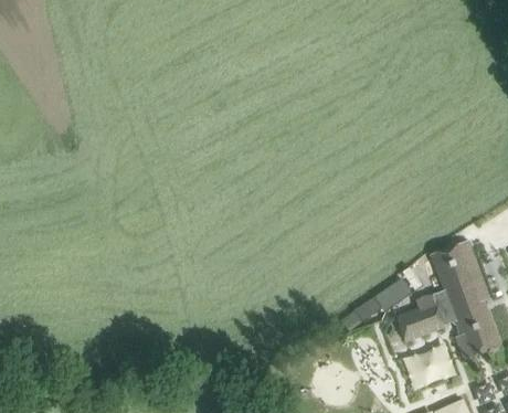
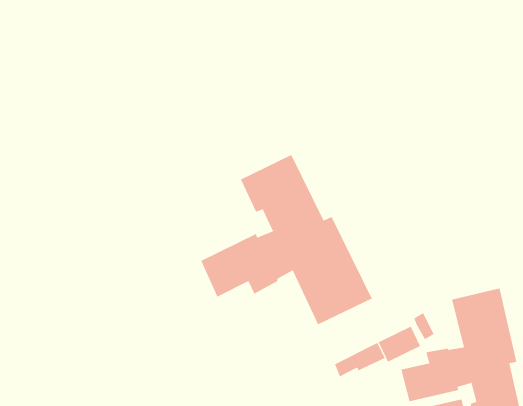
building: none -> [200,154,373,325]

